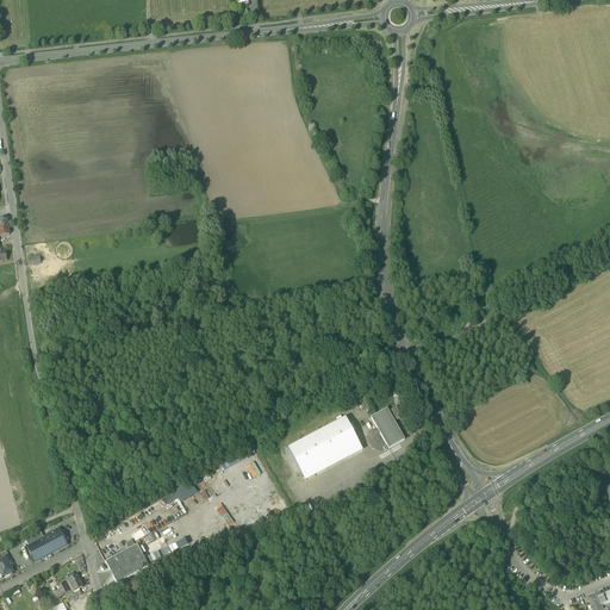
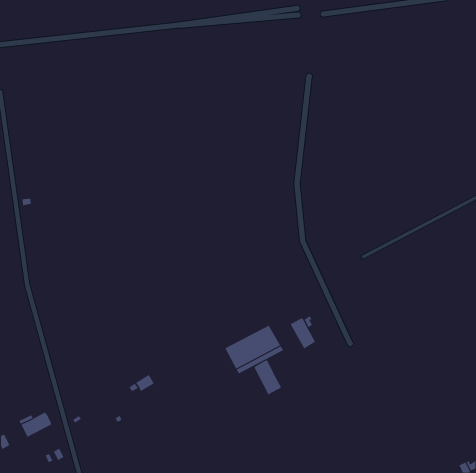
building: none -> [254,360,282,395]
building: [106,543,148,581] -> none

